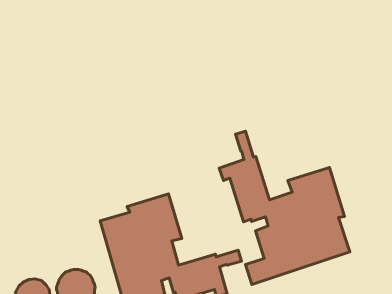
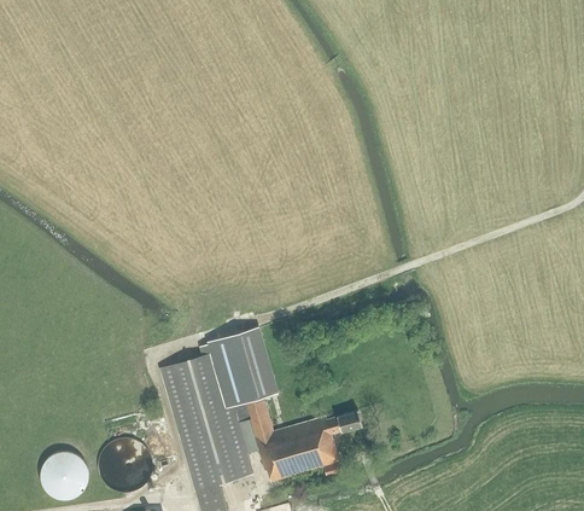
building: [219,131,350,284] -> none

